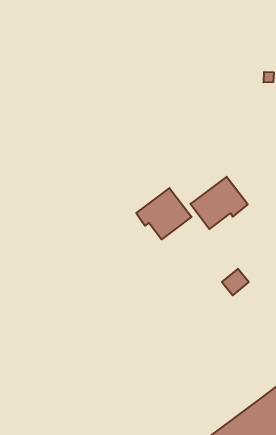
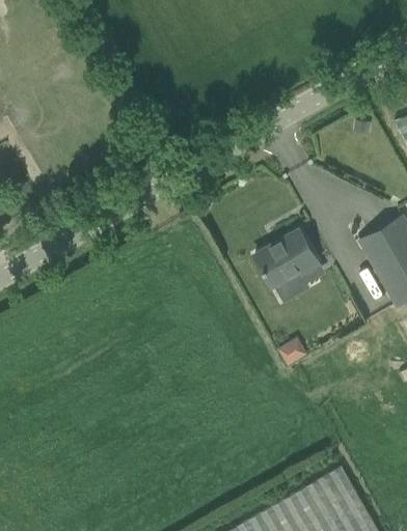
building: [136,188,192,239] -> none

